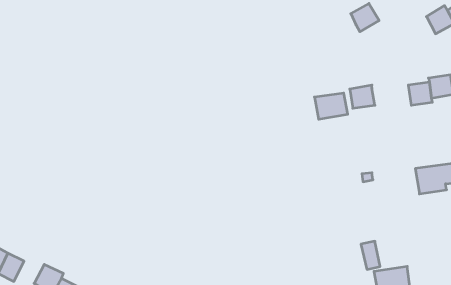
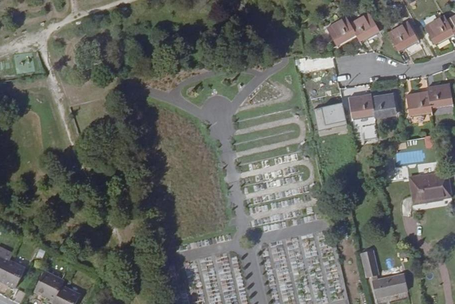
building: none -> [326,16,354,44]
building: none -> [387,22,416,50]
building: none -> [370,93,395,116]

